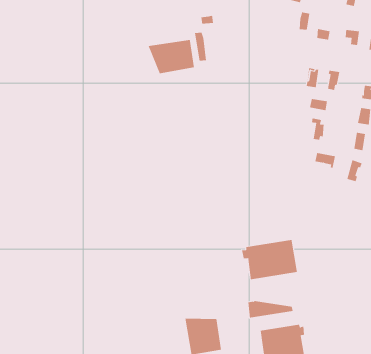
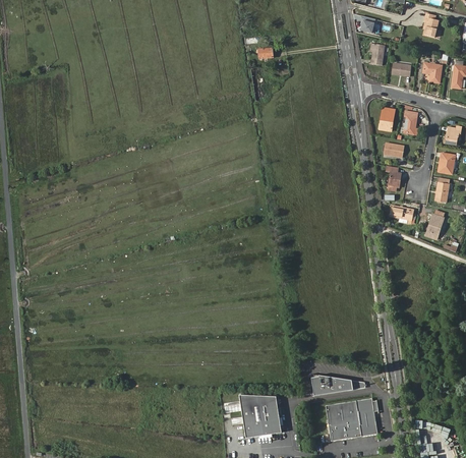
building: [148,39,195,74] -> none
building: [242,239,298,280] -> none

